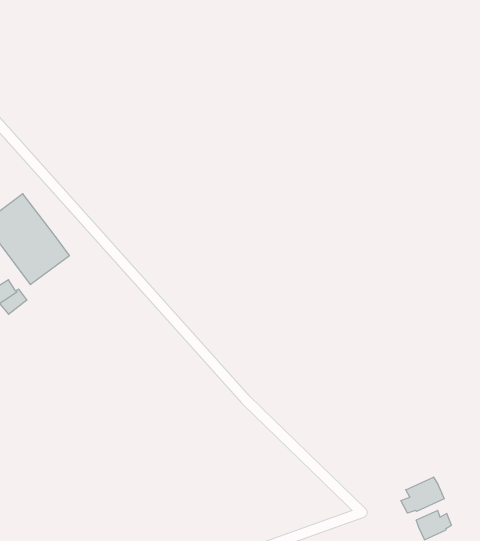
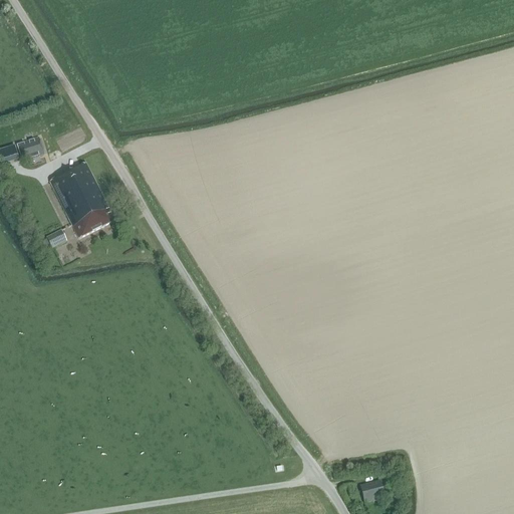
building: [401,477,444,513] -> none

